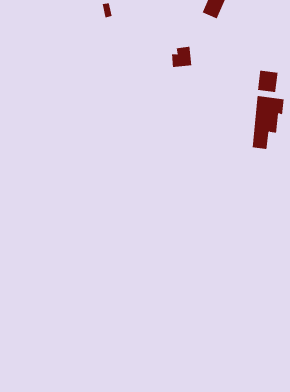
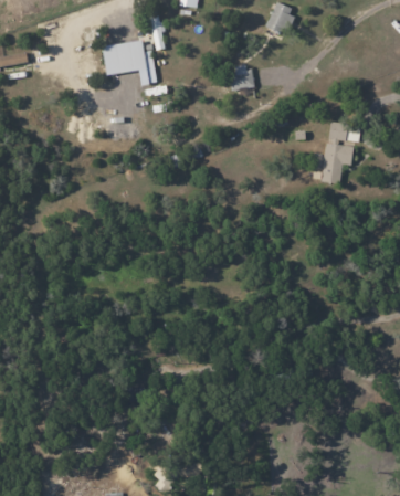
building: none -> [103,40,148,75]
building: [257,70,278,93] -> none

